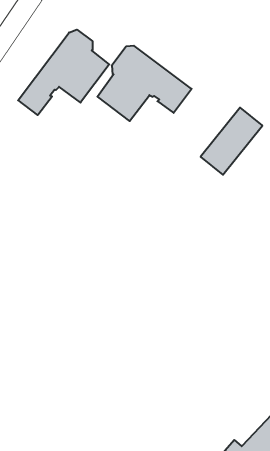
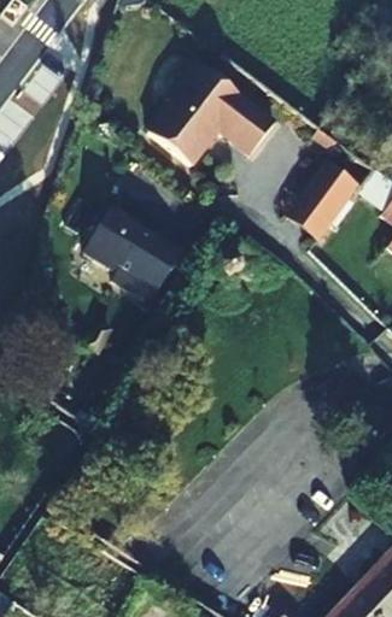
building: [18,30,109,115] -> none
building: none -> [81,204,181,300]

